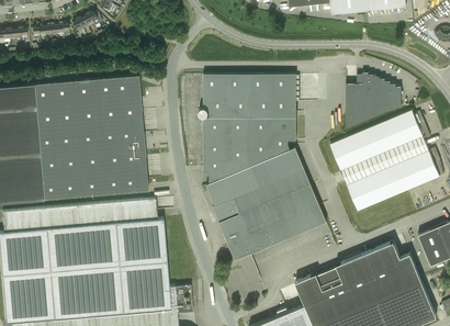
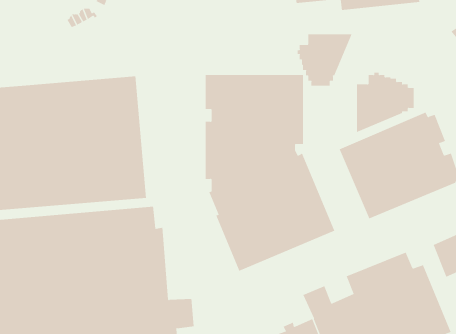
building: none -> [297,33,353,87]

